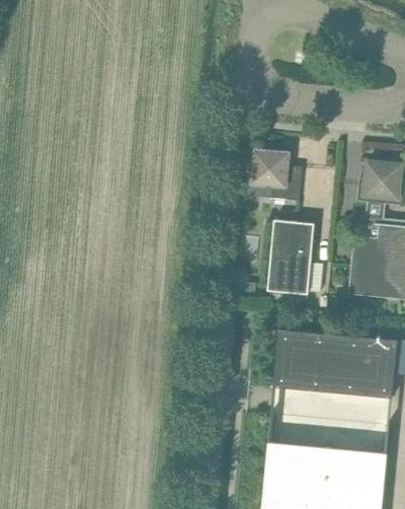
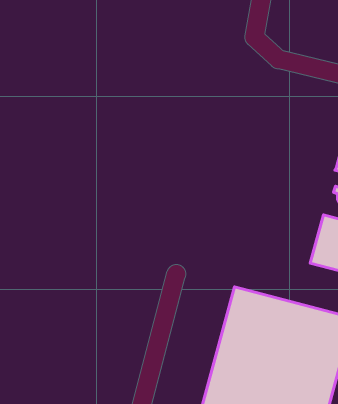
building: [247,150,302,200] -> none
building: [267,219,315,293] -> none

